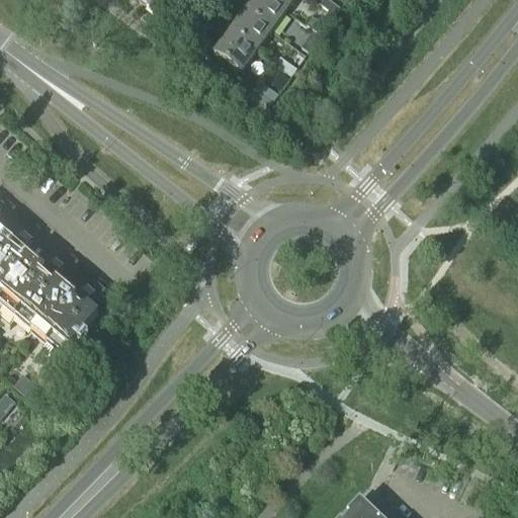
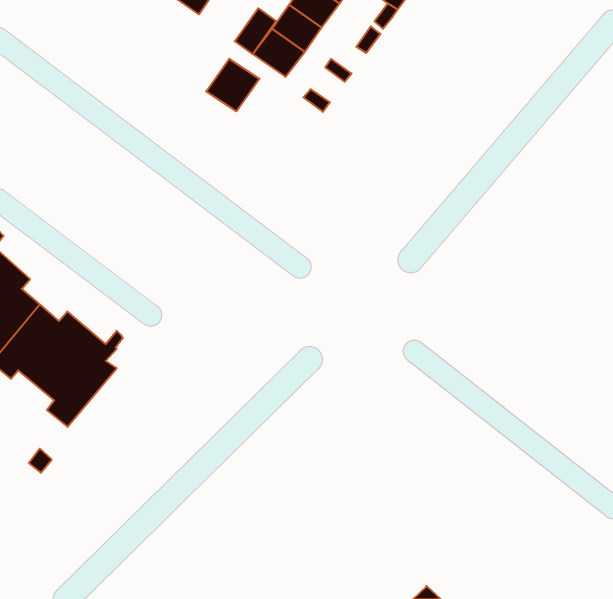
building: none -> [235,8,276,54]
building: none -> [206,59,260,111]

